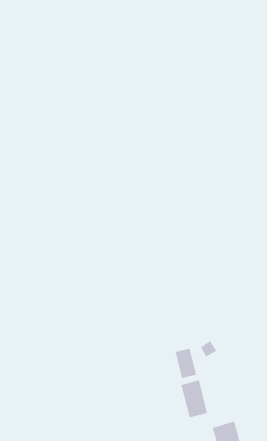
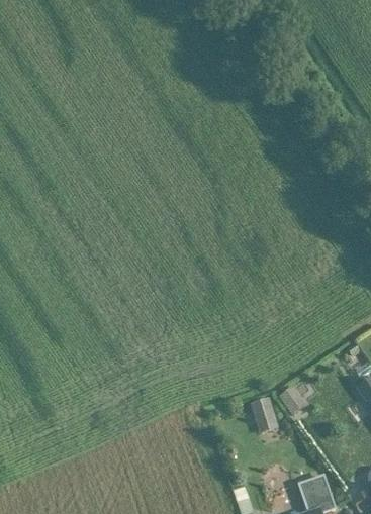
building: [181,380,207,418] -> none

